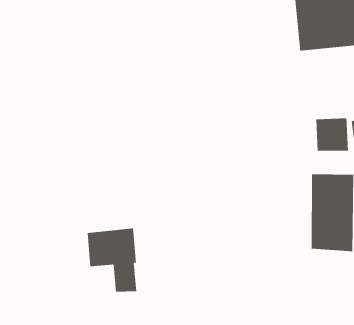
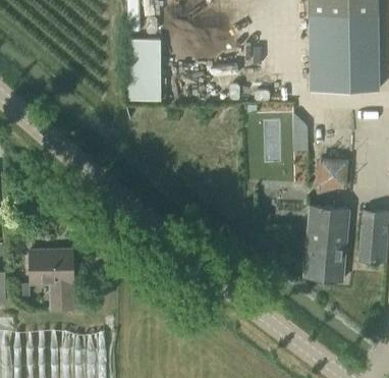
building: none -> [129,43,166,101]
building: [87,228,137,292] -> [30,251,73,310]

